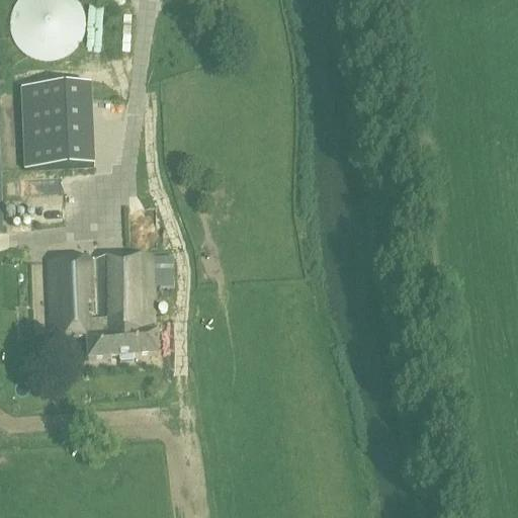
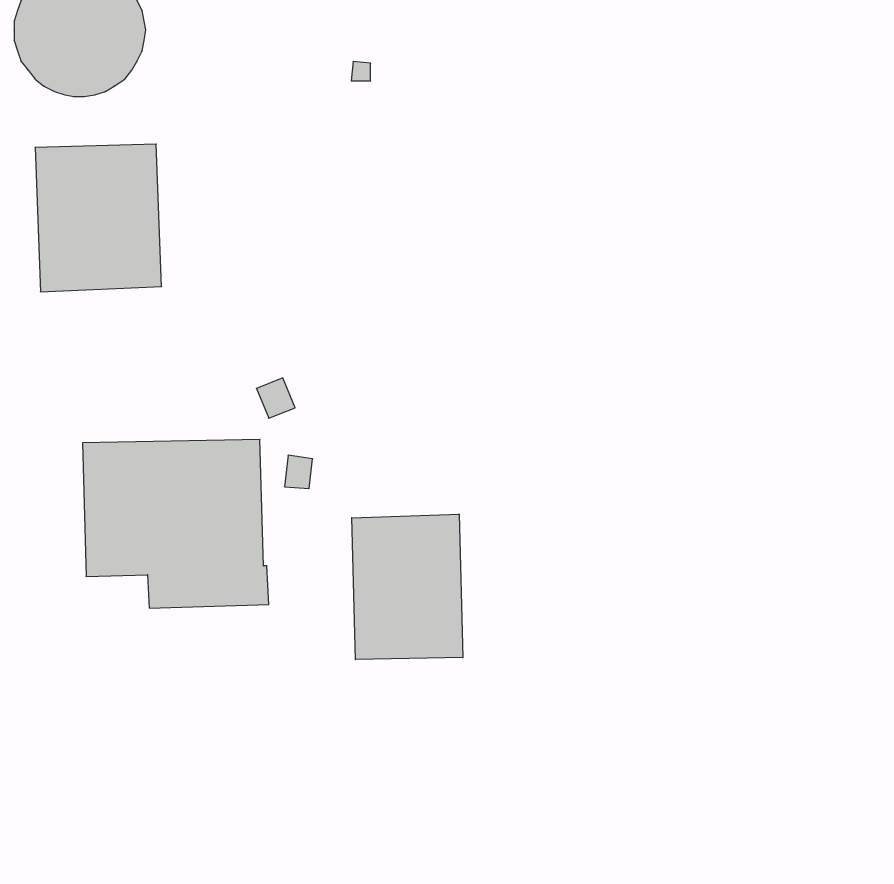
building: none -> [352,514,463,660]

